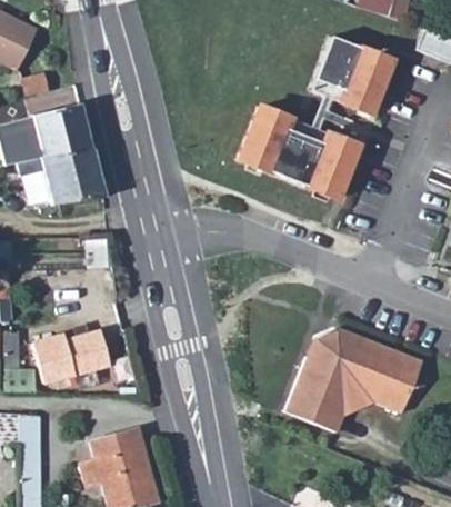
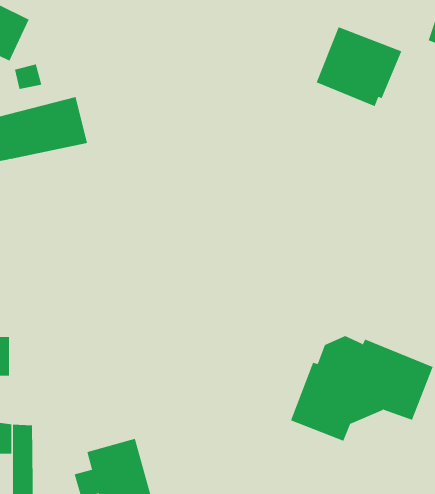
building: [240,107,355,199] -> none
building: [19,148,107,206] -> none
building: [34,331,110,382] -> none

